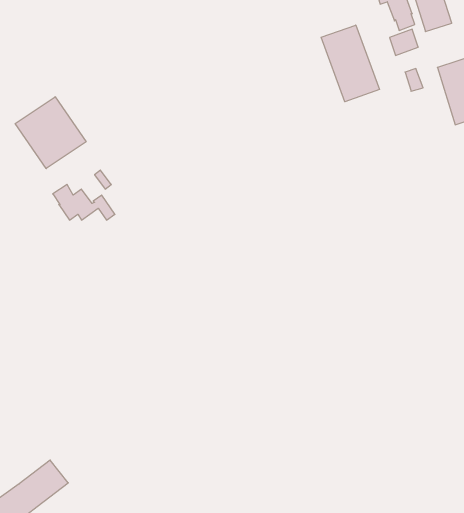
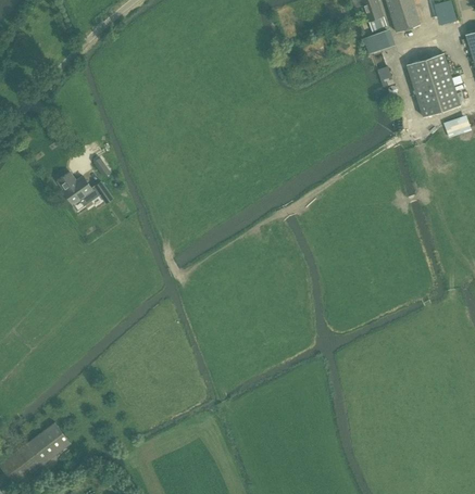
building: [321,25,380,102] -> none
building: [15,97,86,169] -> none

